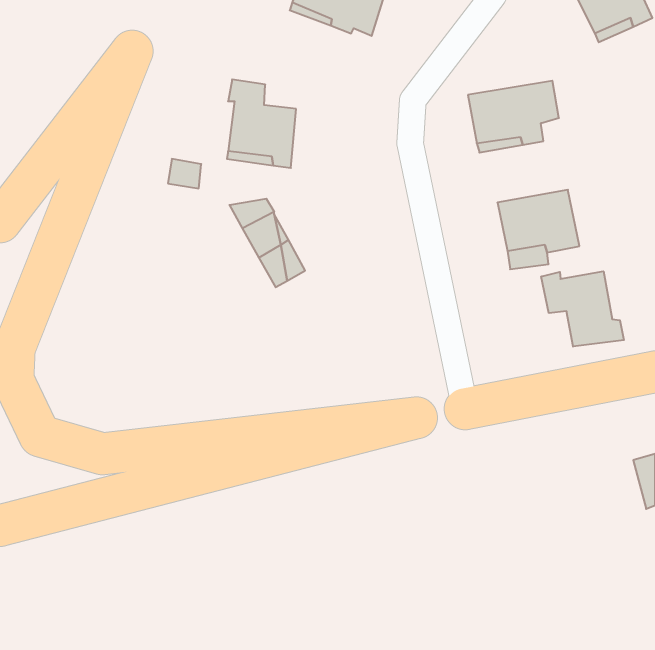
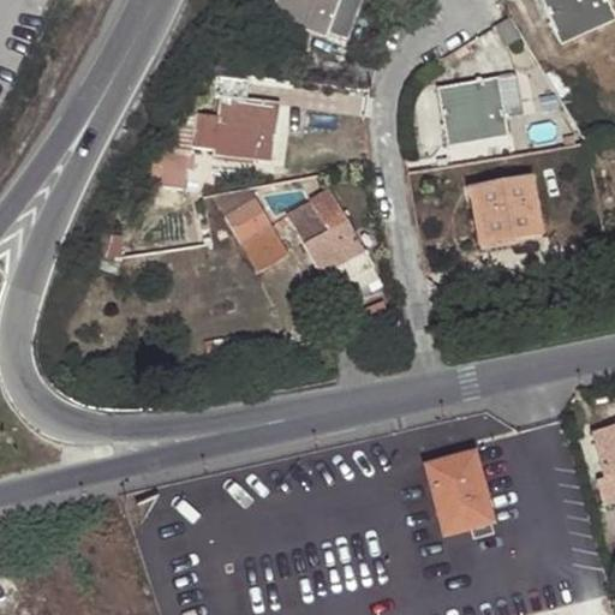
building: none -> [288,190,375,288]
building: [541,271,624,347] -> none
building: none -> [418,452,494,535]

